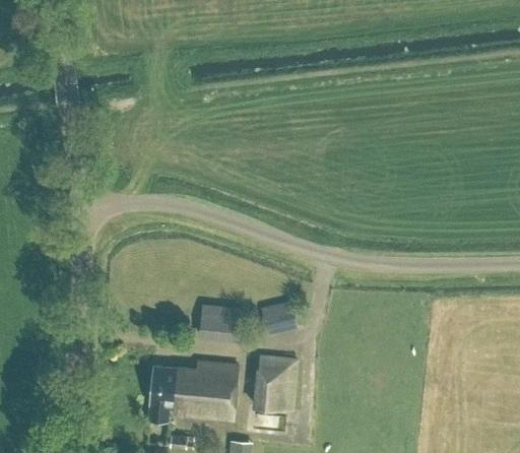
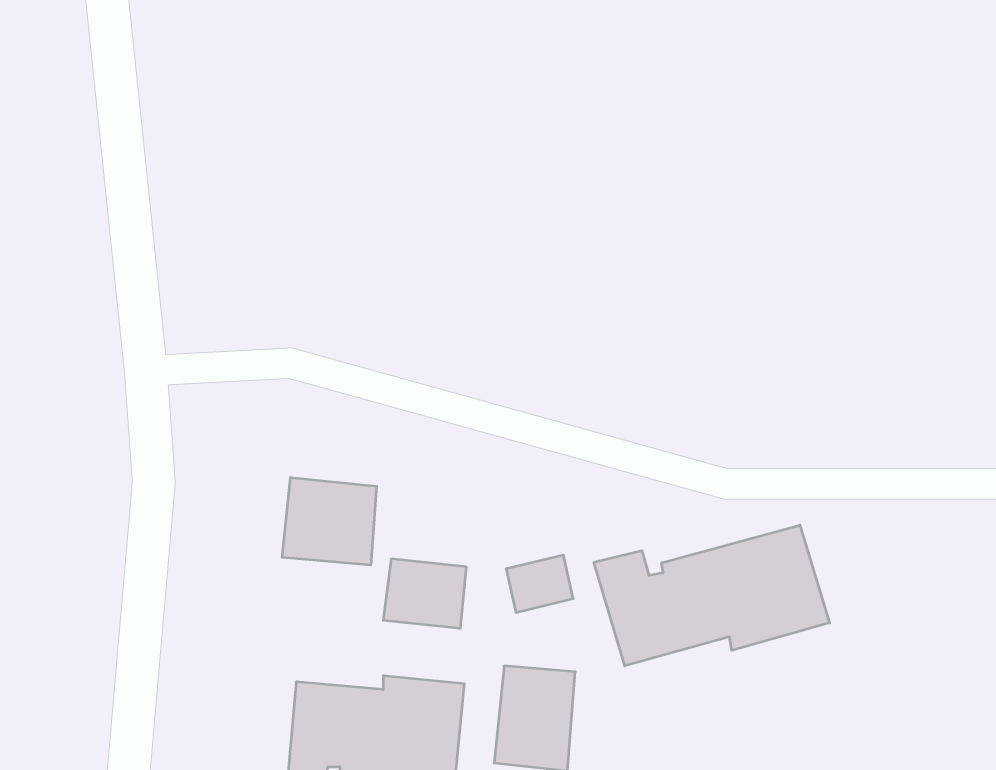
building: none -> [282,477,377,565]
building: none -> [594,525,830,666]

